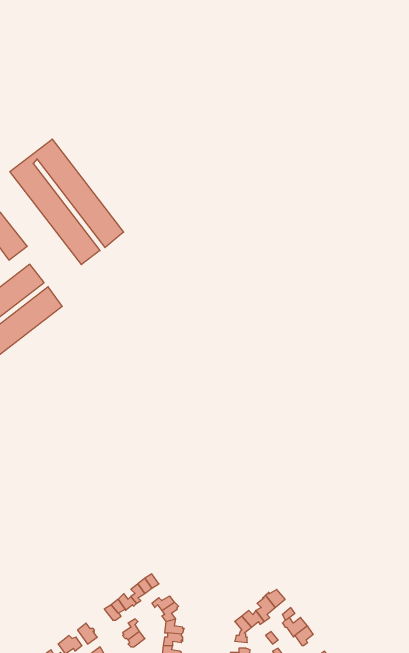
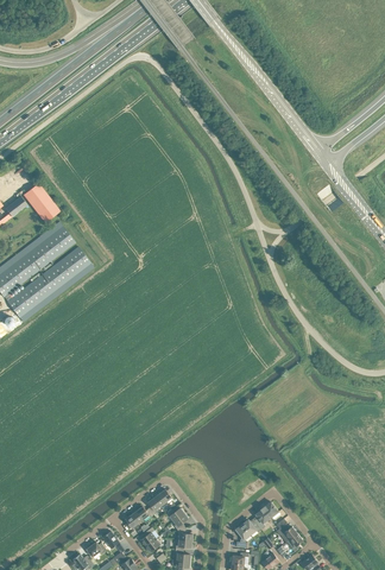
building: [10,139,124,265] -> none

